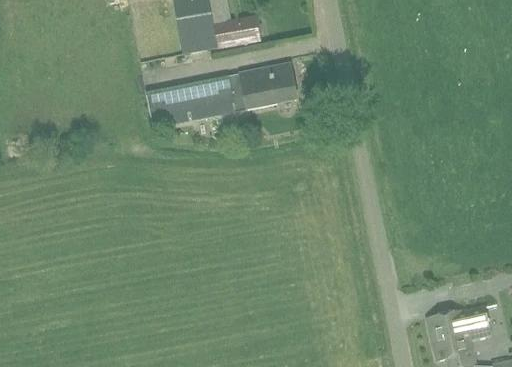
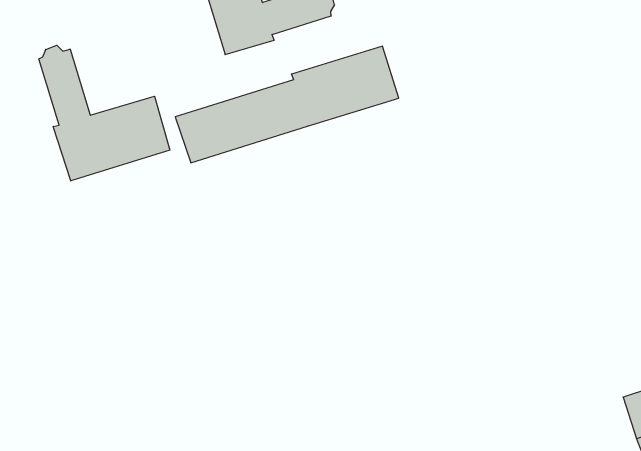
building: none -> [39,45,170,181]

